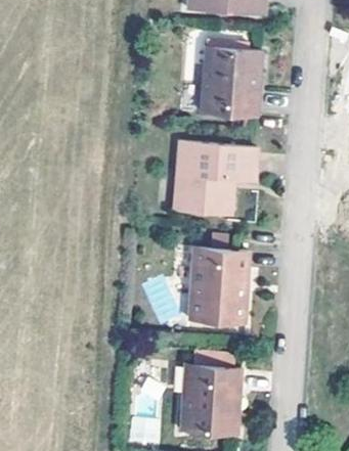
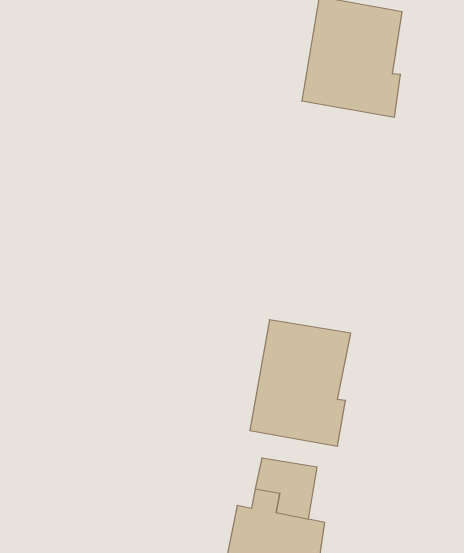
building: [174,142,254,216] -> none

